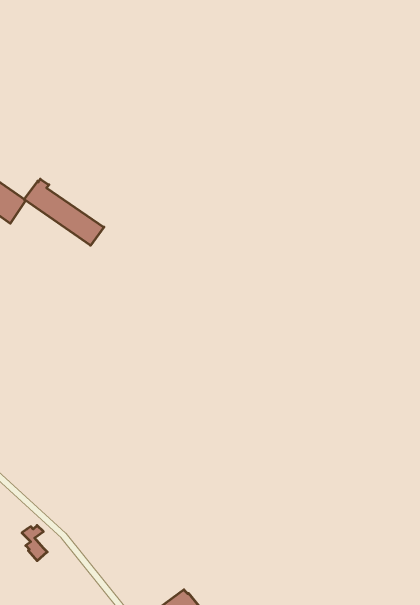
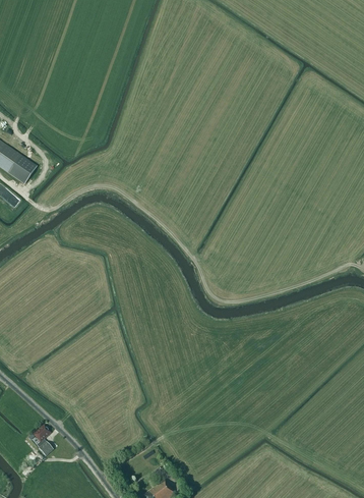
building: [24,179,104,245] -> none

